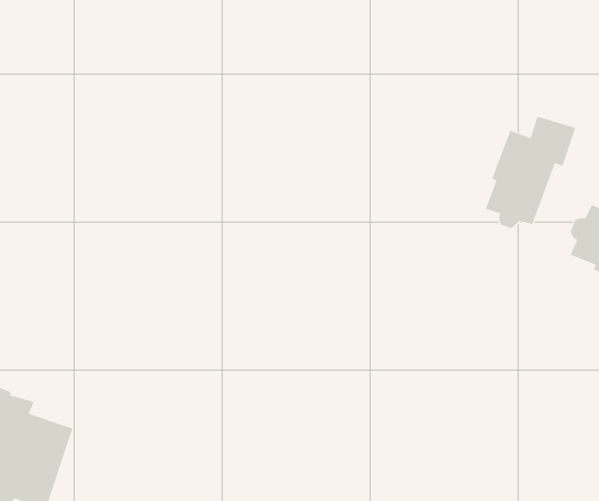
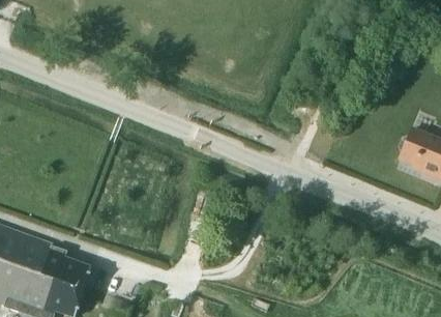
building: [485,116,576,229] -> none

